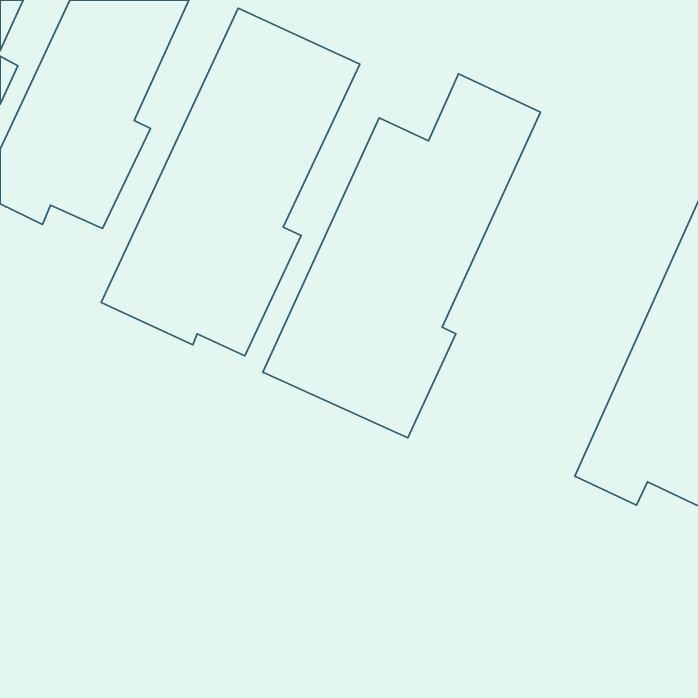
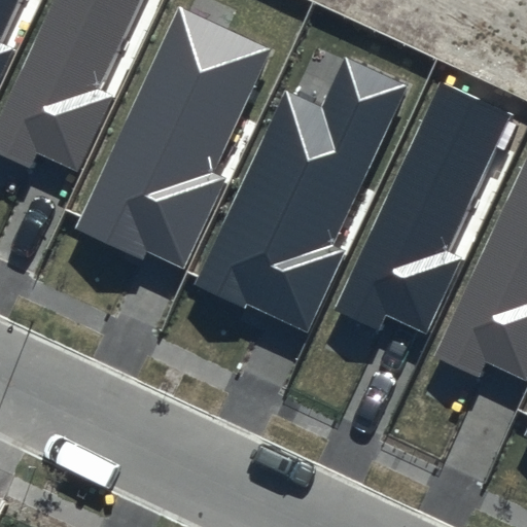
building: none -> [335,81,514,335]

